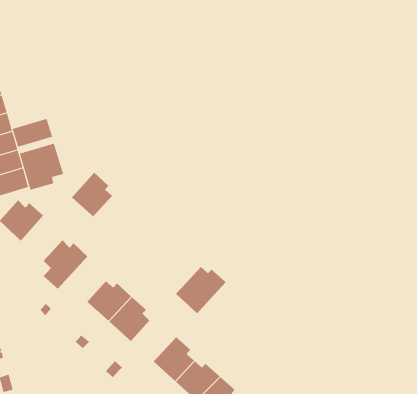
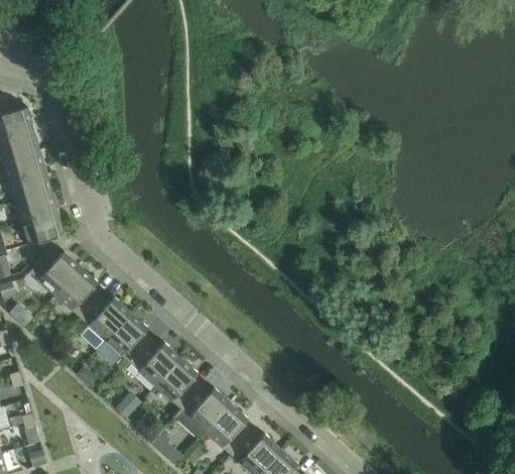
building: [12,118,53,148] -> none
building: [19,143,64,190] -> none
building: [71,172,113,217] -> [53,266,101,318]
building: none -> [104,313,150,364]
building: [175,266,227,314] -> [171,385,230,440]

